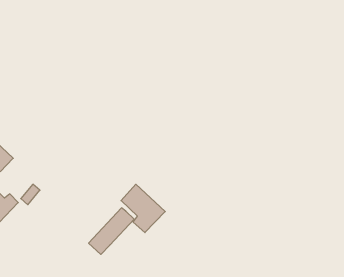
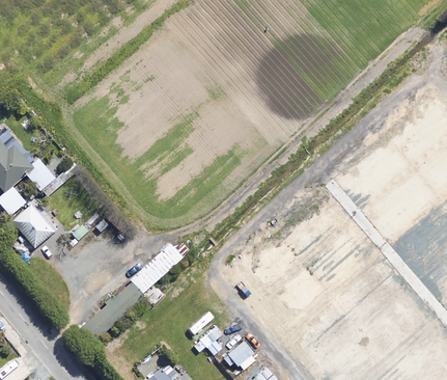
building: [121,184,165,233] -> none

